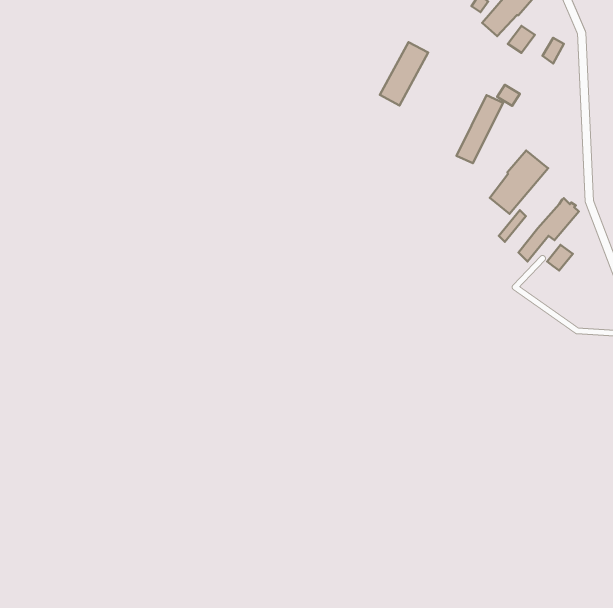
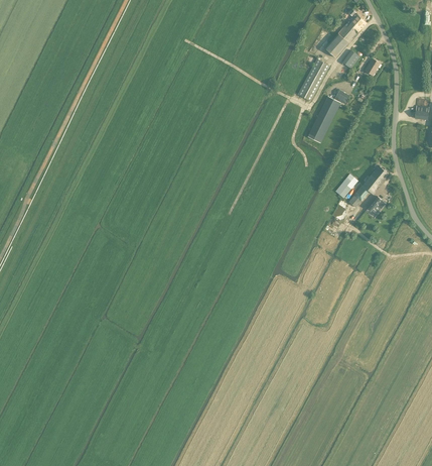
building: [380,42,428,105] -> [298,59,330,101]
building: [490,150,548,214] -> none

